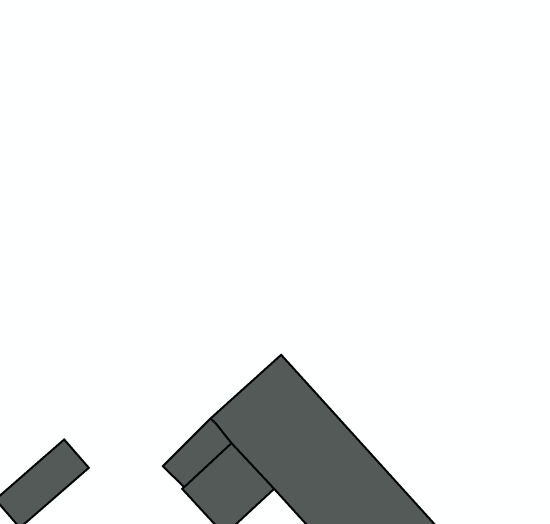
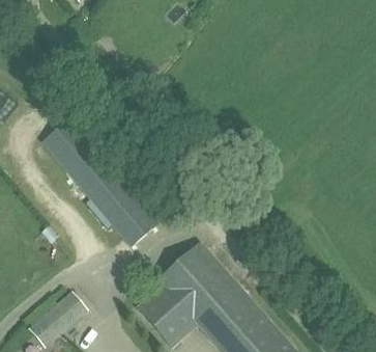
building: none -> [42,118,156,245]

